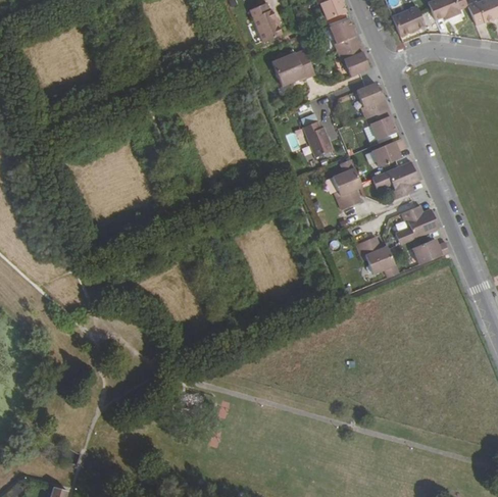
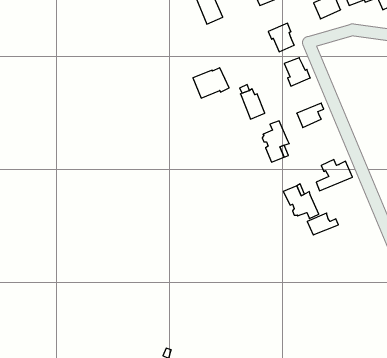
building: [330,18,360,51] -> none
building: [271,49,315,86] -> [193,68,229,98]
building: [364,107,396,140] -> none
building: [371,161,418,198] -> none
building: [411,238,449,264] -> [307,213,338,235]

